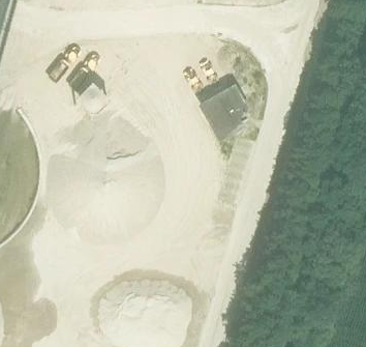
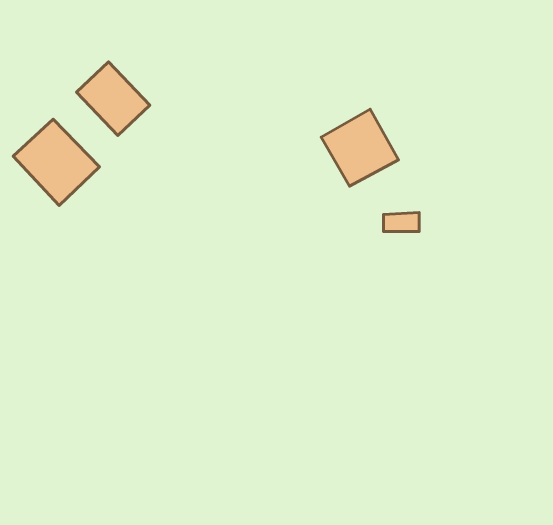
building: none -> [13,119,100,205]

